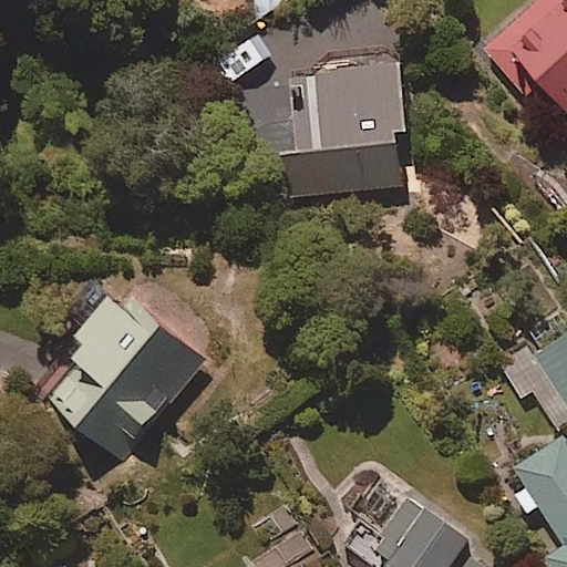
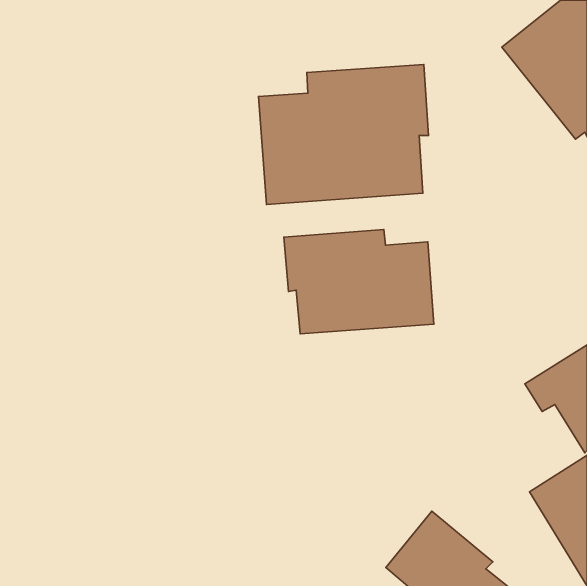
building: none -> [284,229,434,334]
building: [48,284,213,461] -> none

